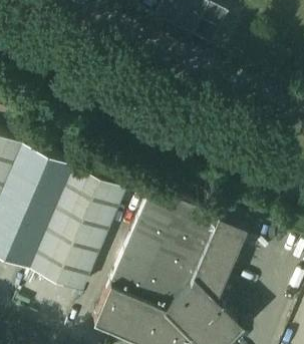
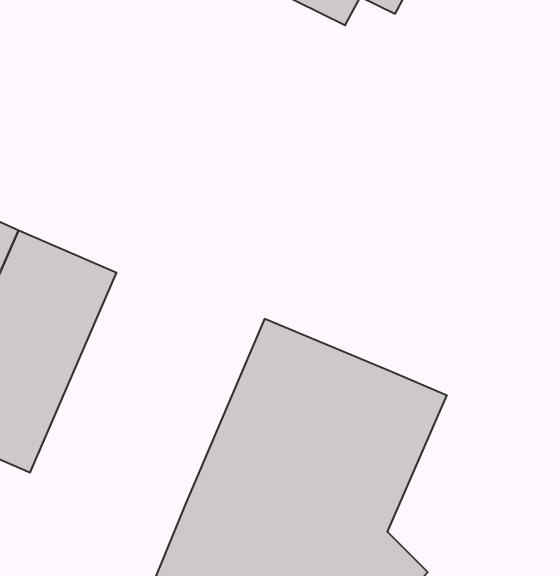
building: [27,166,124,294] -> none

